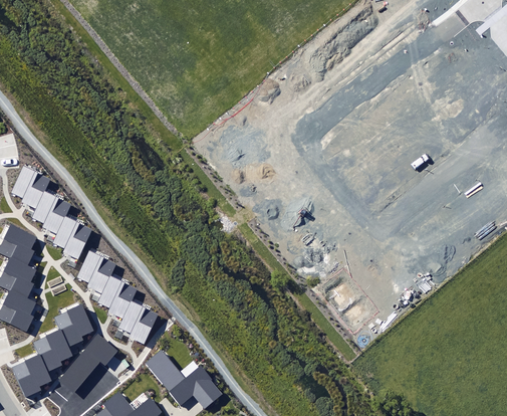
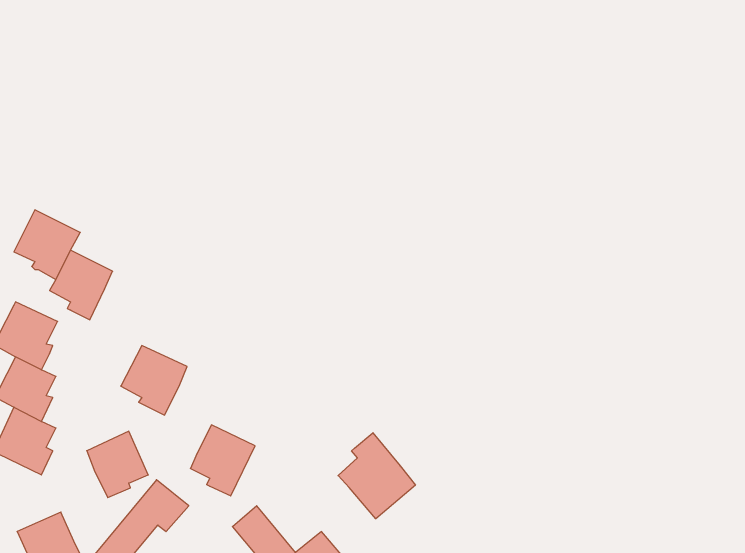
building: [51,216,92,261] -> none
building: [98,276,138,319] -> none
building: none -> [338,433,415,519]
building: [32,330,71,373] -> none

